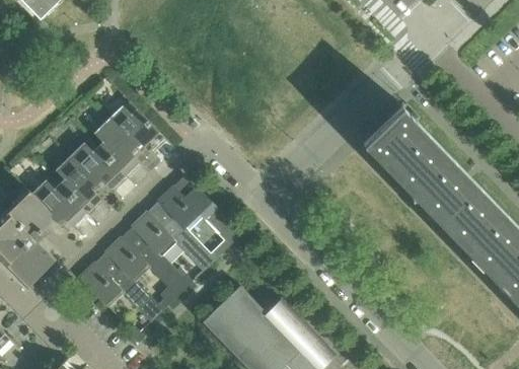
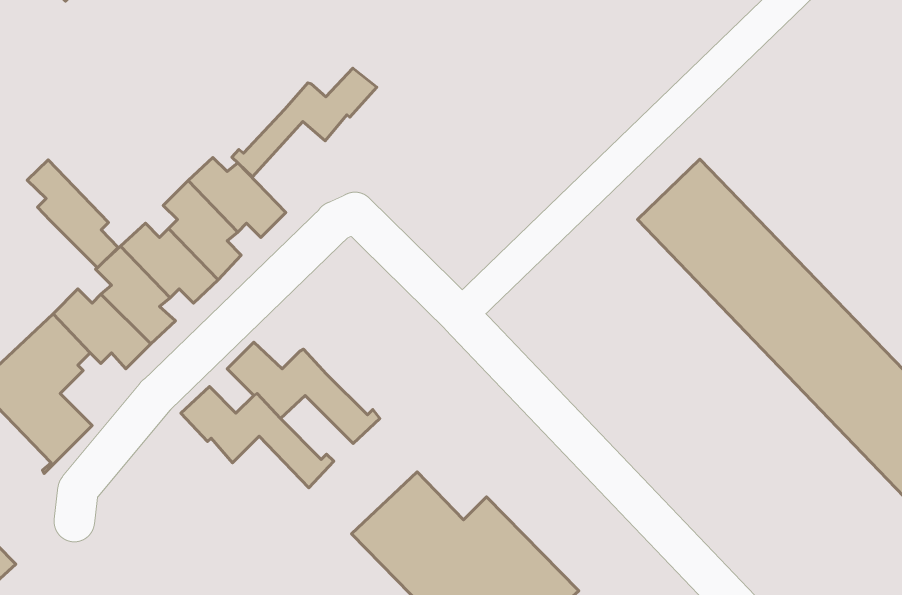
building: none -> [232,68,377,177]
building: none -> [27,160,118,268]
building: [156,175,239,255] -> none
building: [77,263,165,320] -> none

